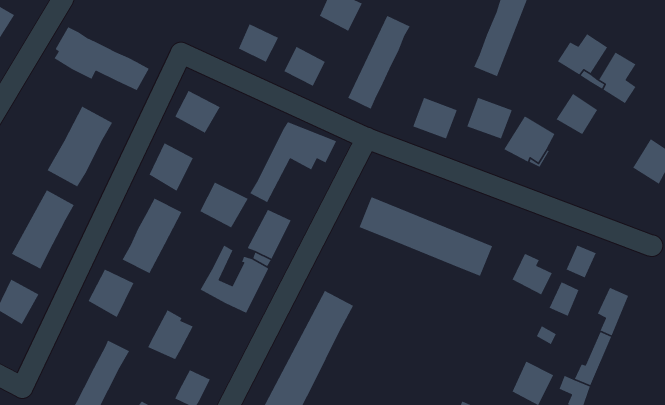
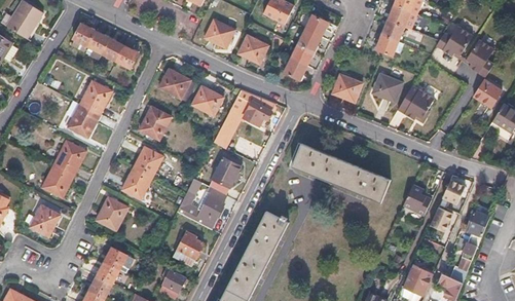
building: [556,93,598,135] -> [473,77,504,108]
building: [199,182,249,228] -> [189,83,225,117]
building: [147,309,194,360] -> [172,229,206,266]

